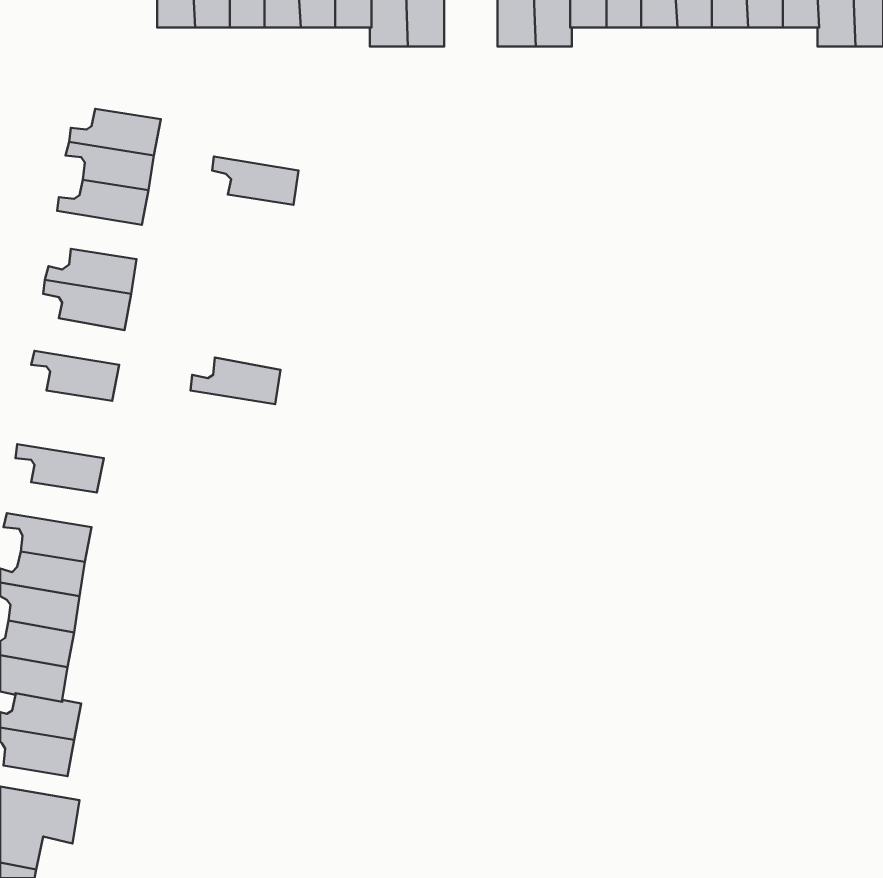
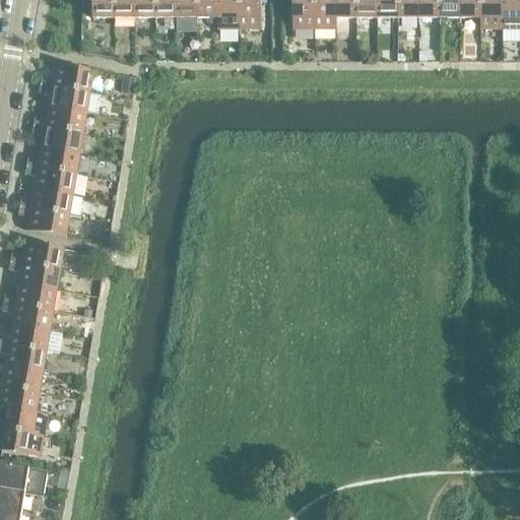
building: [212,157,299,205] -> [32,124,83,152]
building: [191,358,280,404] -> [20,187,73,214]
building: none -> [10,241,64,269]
building: none -> [4,283,57,310]

